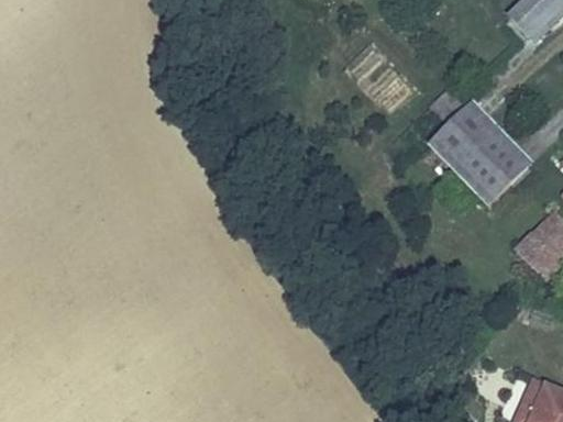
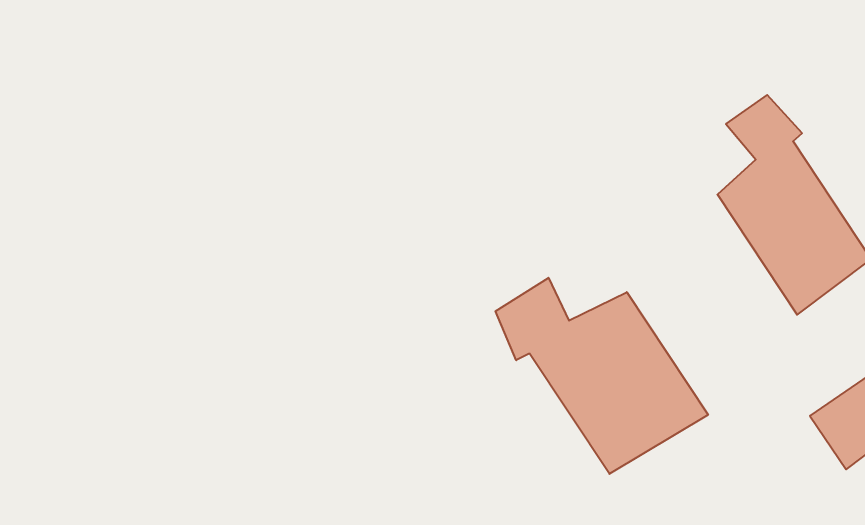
building: none -> [496,278,708,474]

